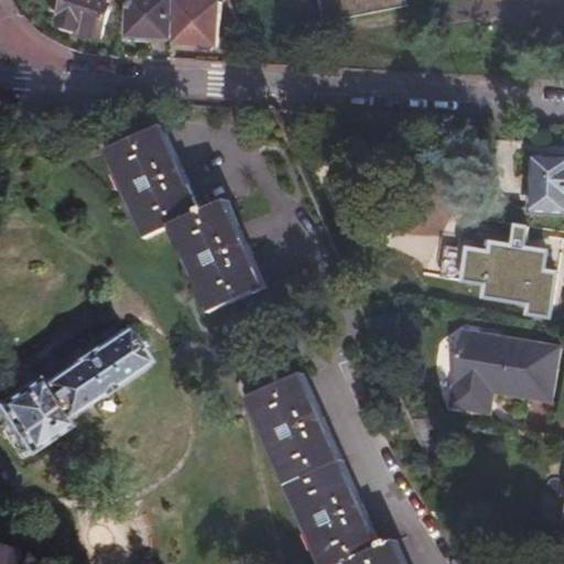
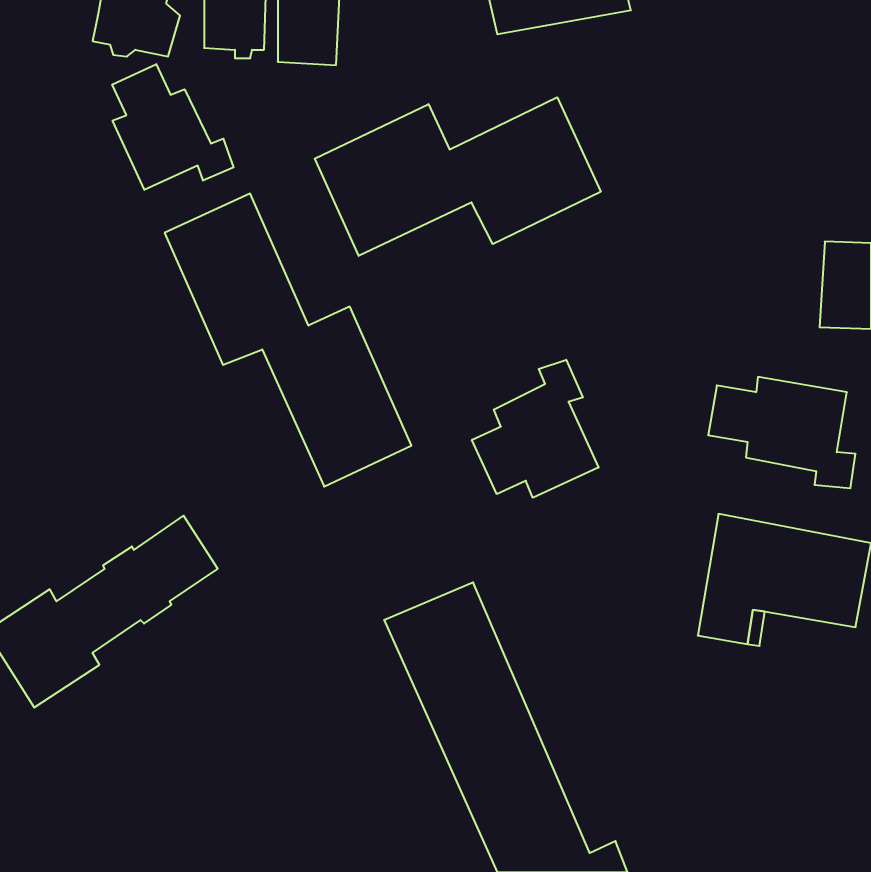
building: none -> [112,64,234,190]
building: none -> [315,97,601,256]
building: none -> [472,360,599,498]

